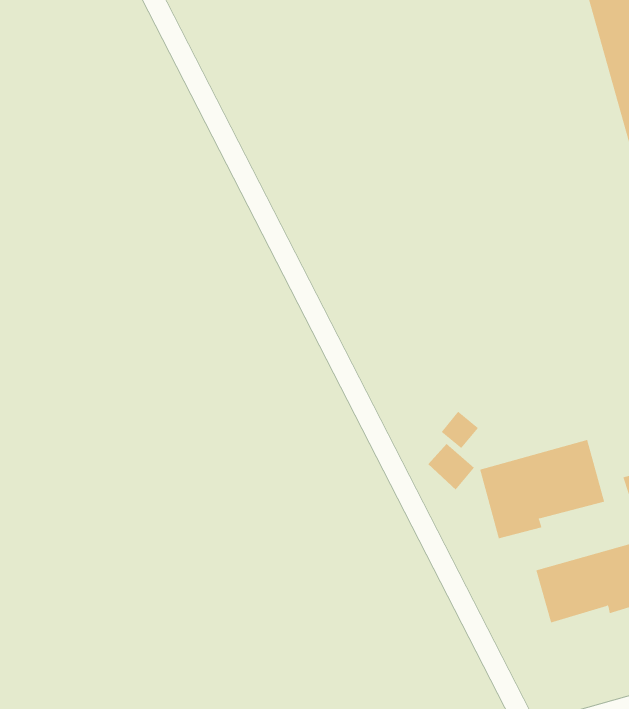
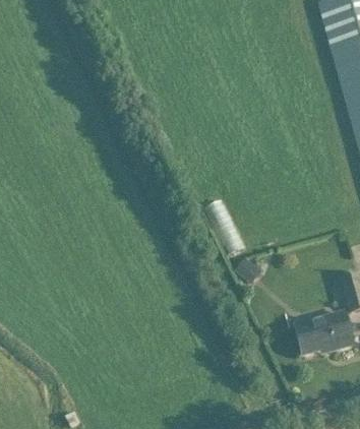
building: [480,439,605,539] -> none

